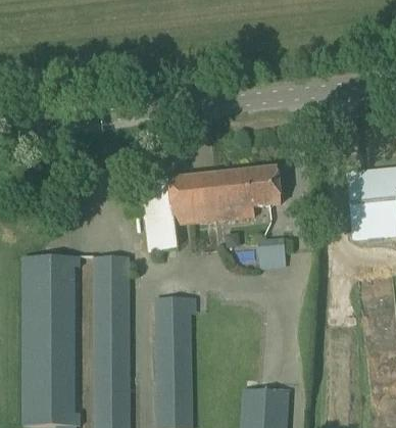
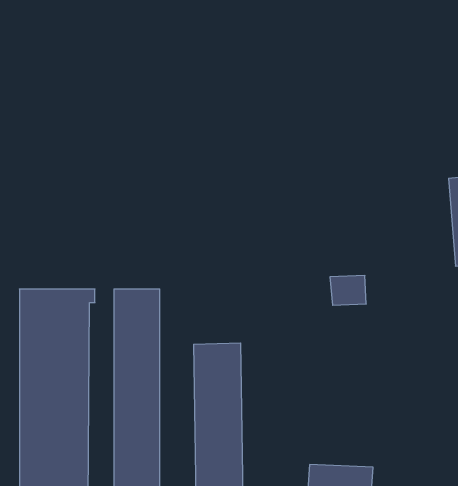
building: [142,167,282,251] -> none

